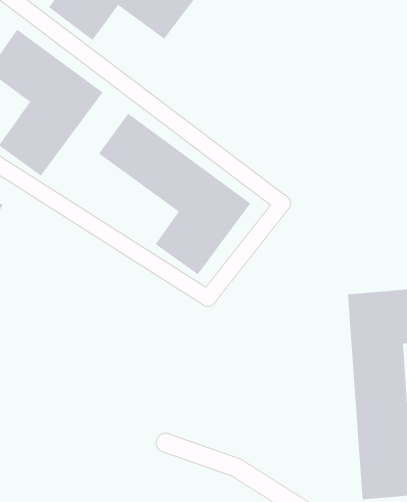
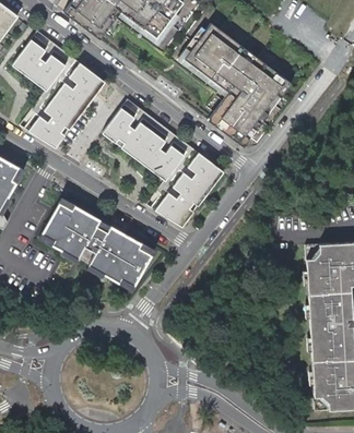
building: none -> [184,23,288,139]
building: none -> [39,199,153,288]

